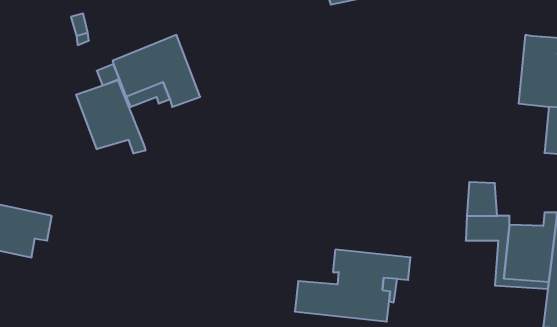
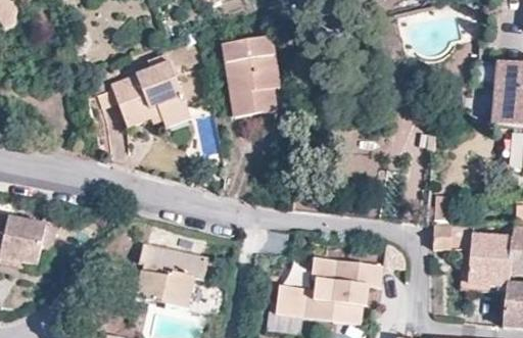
building: none -> [224,36,279,115]
building: [76,80,145,154] -> none
building: none -> [129,243,208,308]

